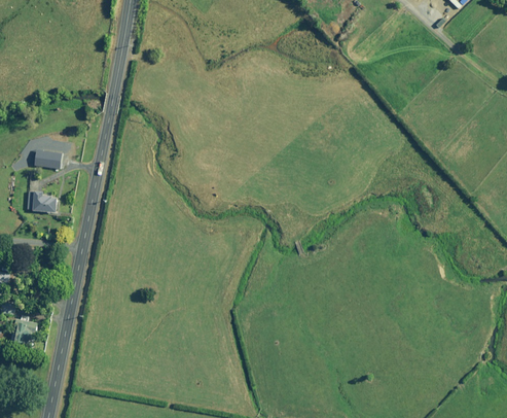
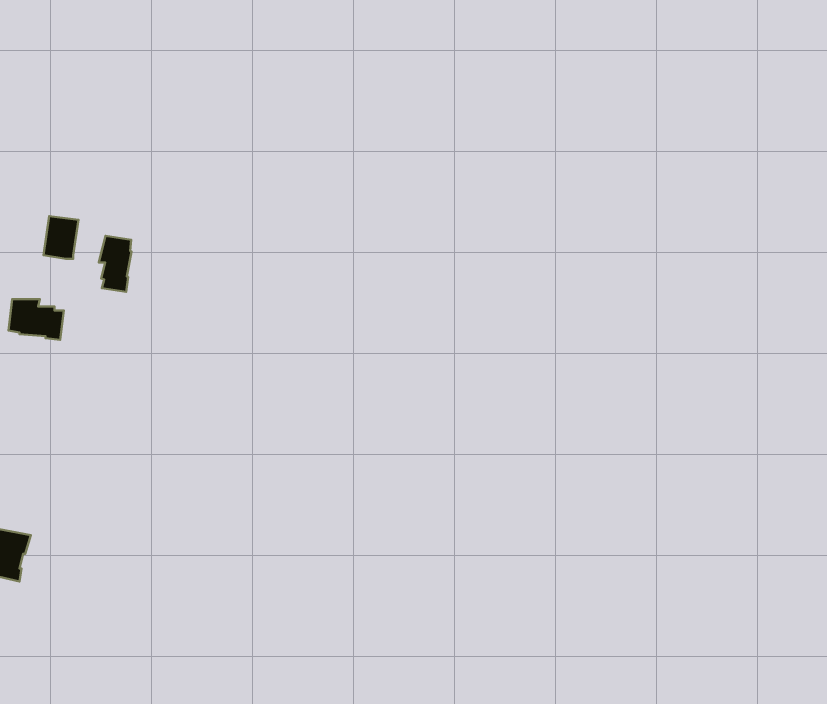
building: none -> [99,236,132,292]

